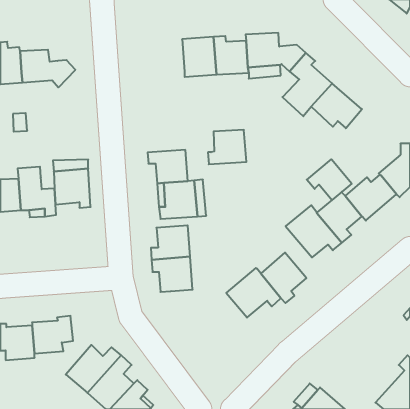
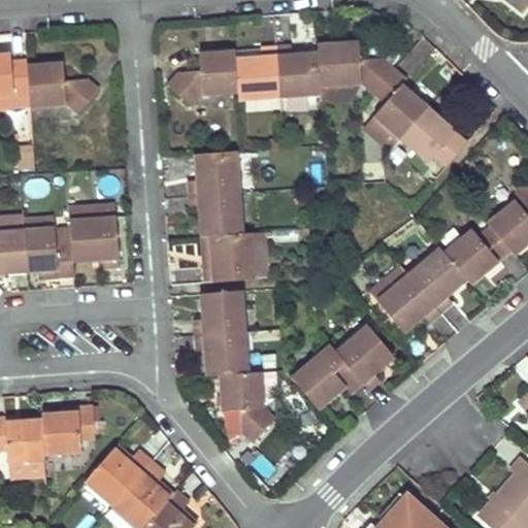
building: none -> [167,51,237,106]
building: [208,130,246,164] -> [189,152,238,196]
building: [307,159,352,200] -> none
building: none -> [220,370,274,442]

